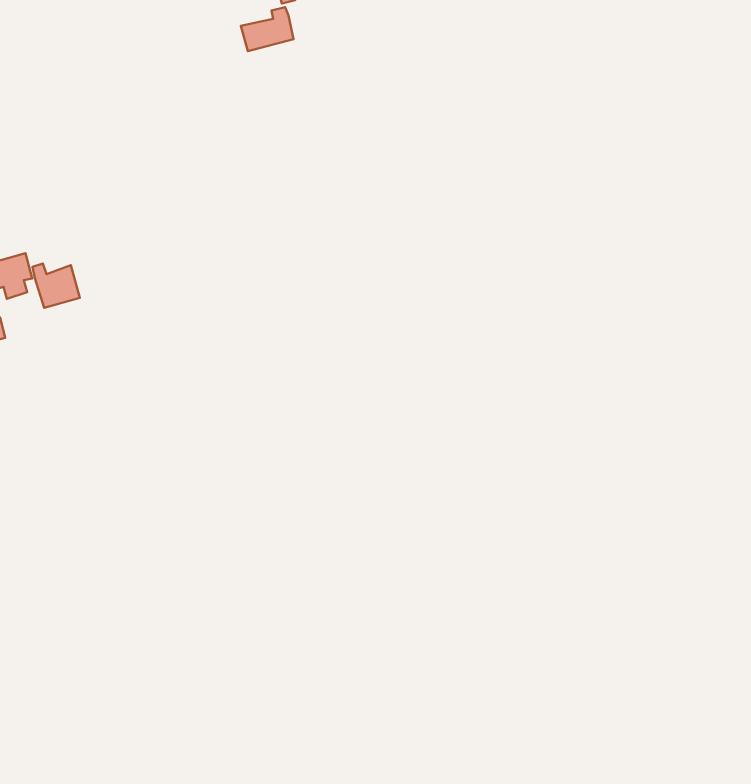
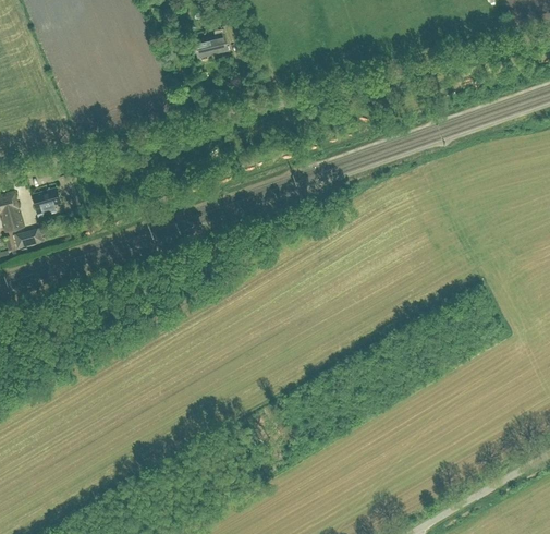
building: [32,264,80,308] -> none

